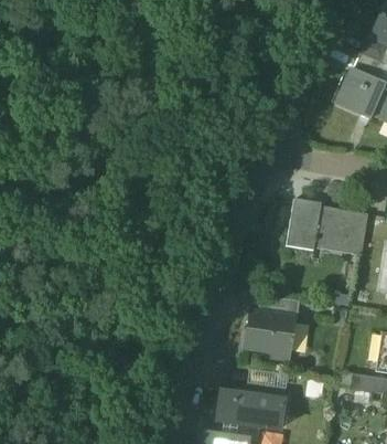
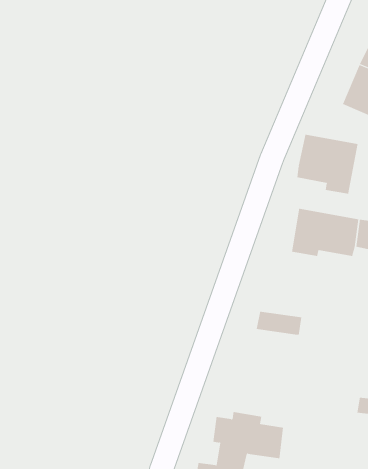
building: none -> [297,134,358,195]
building: [245,311,294,353] -> none

